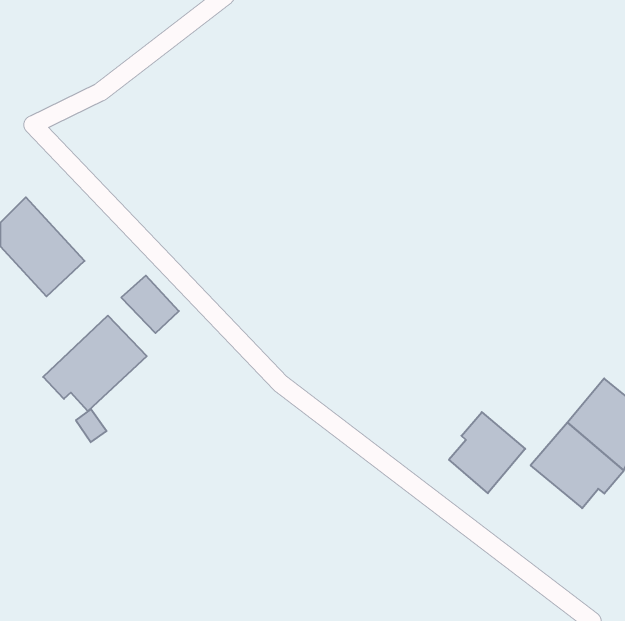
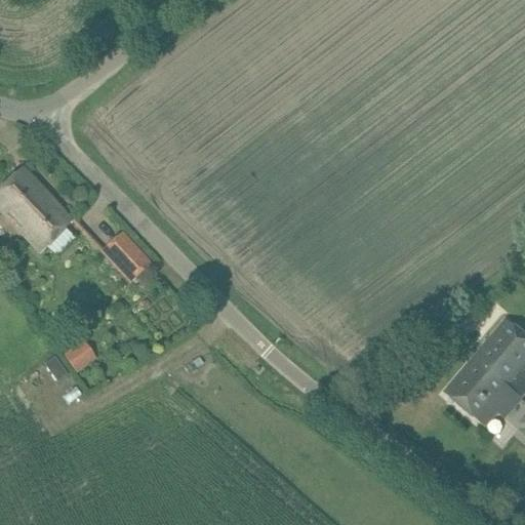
building: [43,316,147,411] -> none
building: [449,412,525,493] -> none

